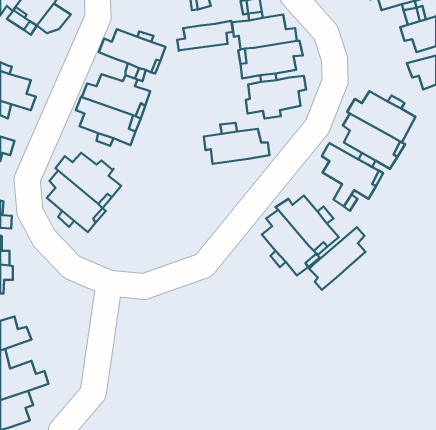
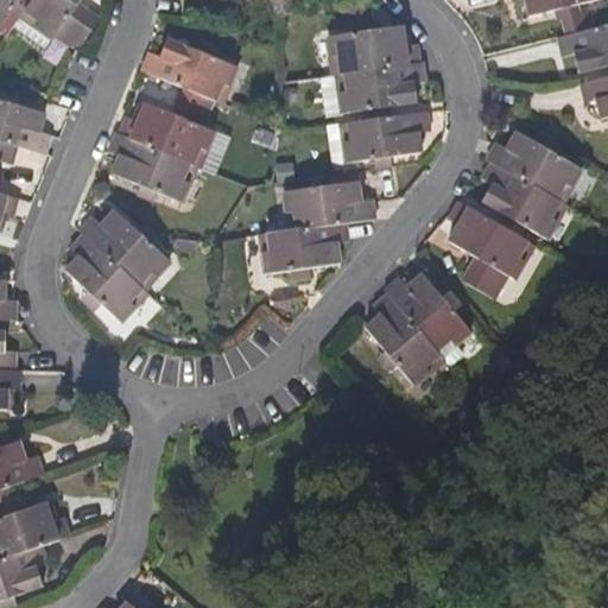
building: [177,21,233,51] -> none
building: none -> [262,221,349,279]
building: [309,227,366,290] -> none

